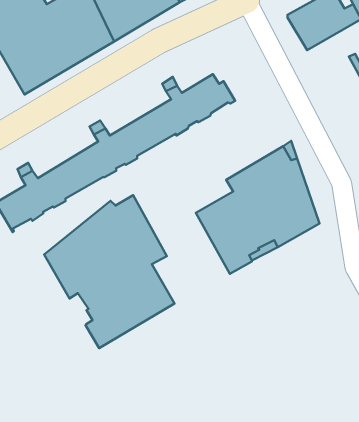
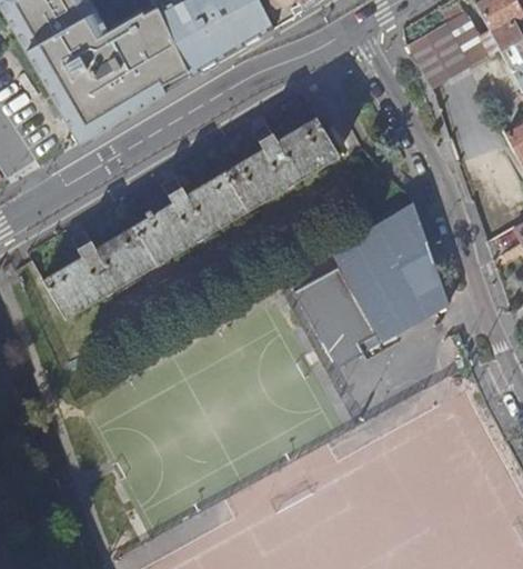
building: [44,195,175,348] -> none

